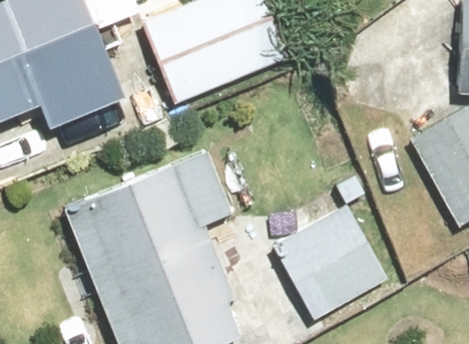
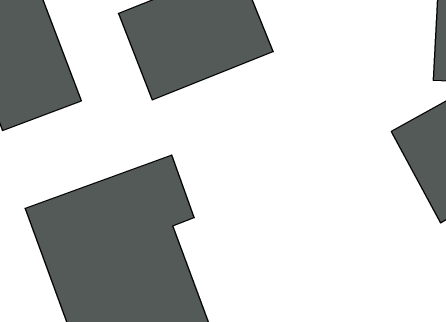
building: [279,203,394,316] -> none

